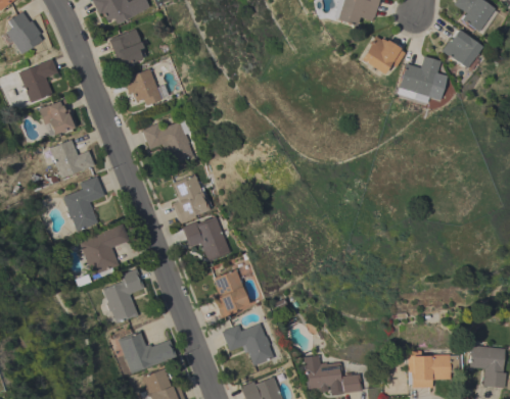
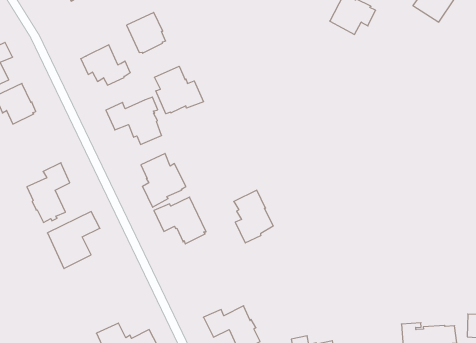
building: [109,29,145,66] -> [127,12,166,53]
building: [397,55,446,102] -> none
building: none -> [154,66,203,114]
building: [50,139,94,178] -> none
building: [103,268,144,322] -> none
building: [214,268,249,317] -> [234,190,273,243]

